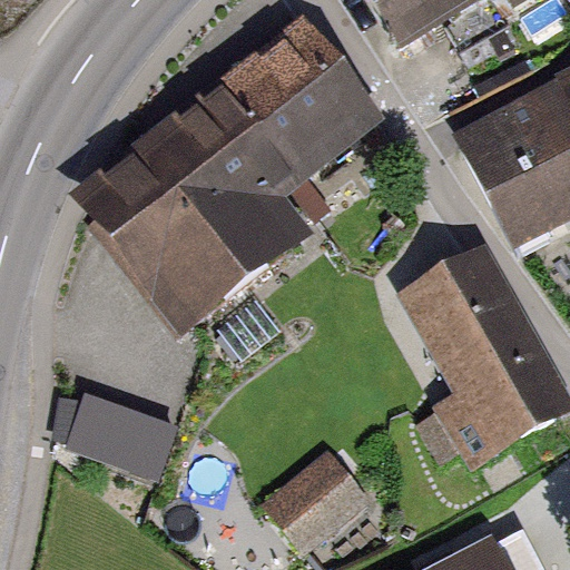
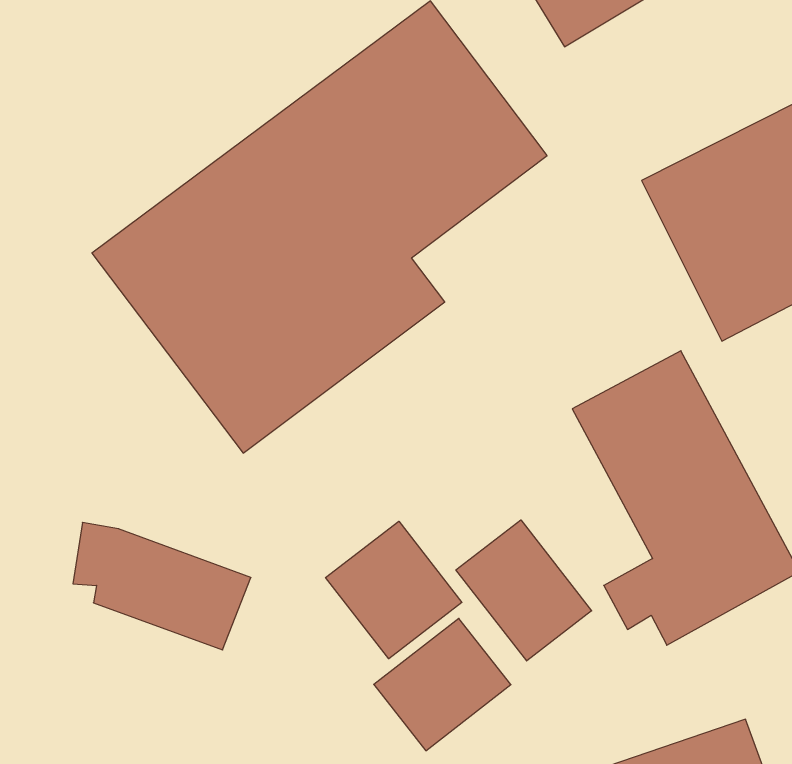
building: none -> [456,520,592,661]
building: none -> [326,521,462,659]

